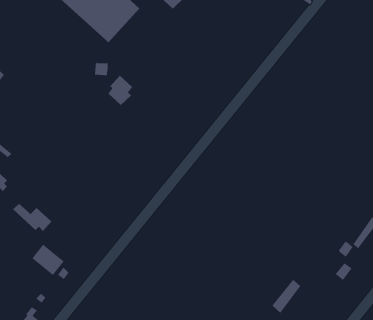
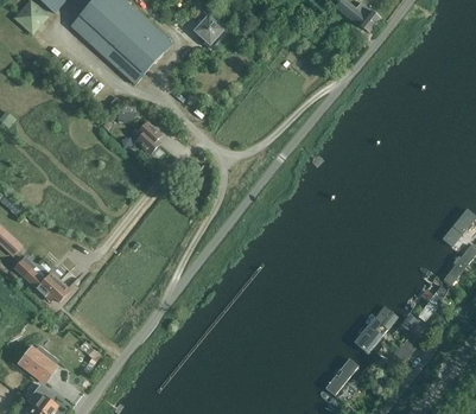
building: none -> [351,302,398,355]
building: [32,244,64,276] -> [18,346,56,383]

